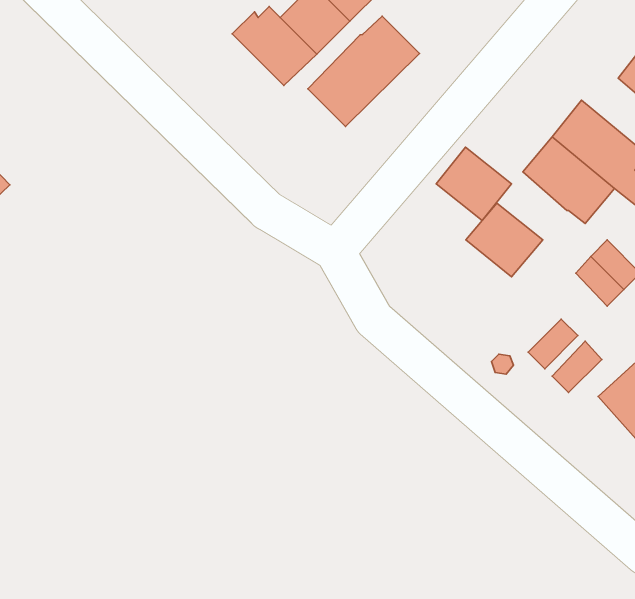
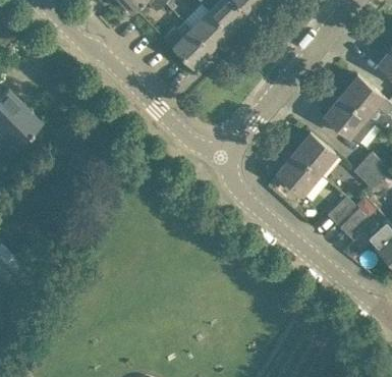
building: [308,16,420,126] -> none
building: [436,147,512,221] -> [275,152,317,193]

